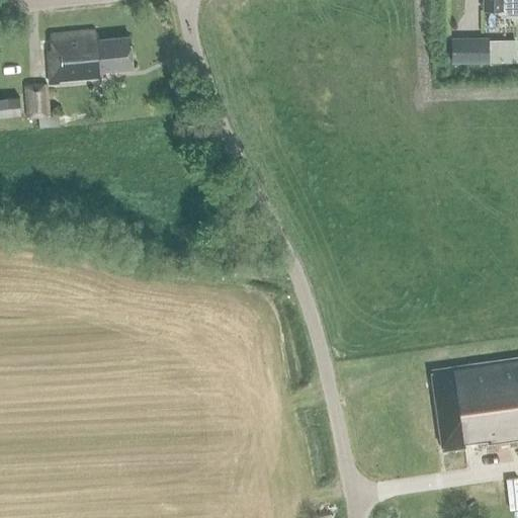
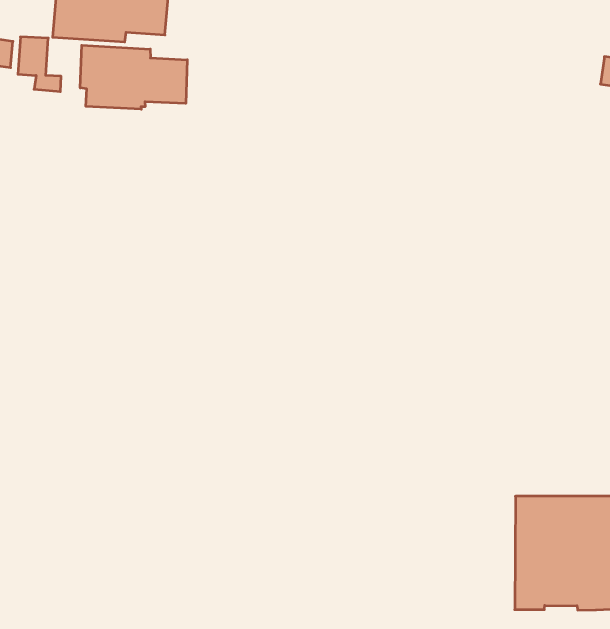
building: none -> [80,45,187,109]

